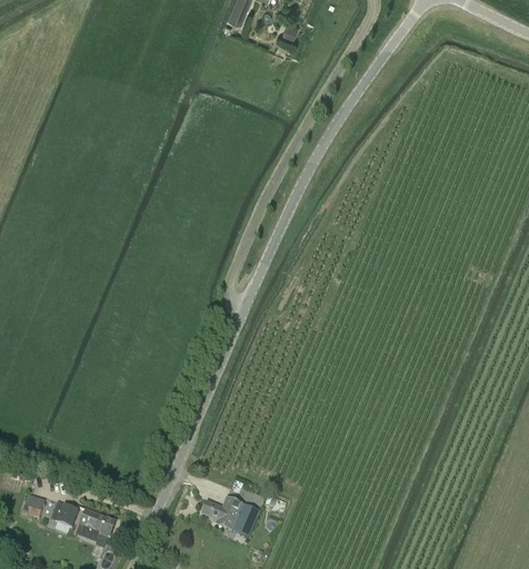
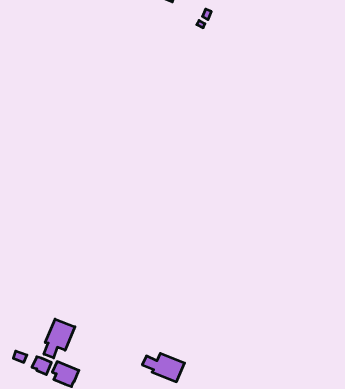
building: none -> [44,319,75,358]

